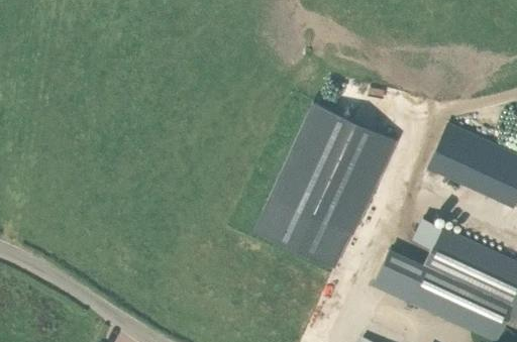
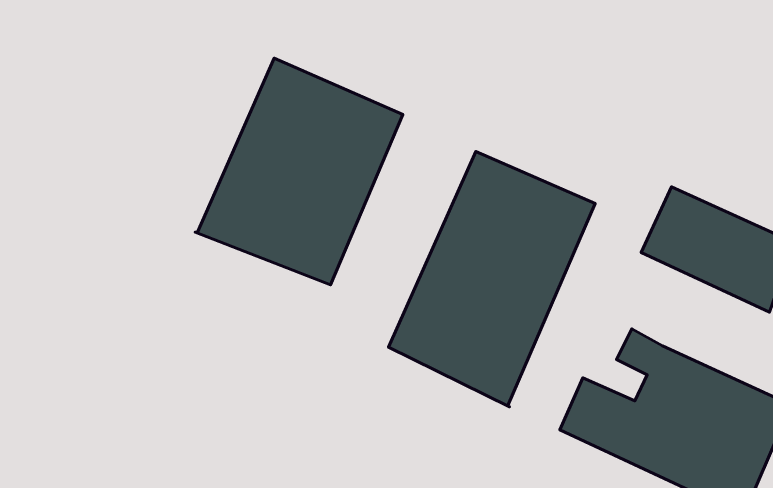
building: none -> [195,58,403,285]

